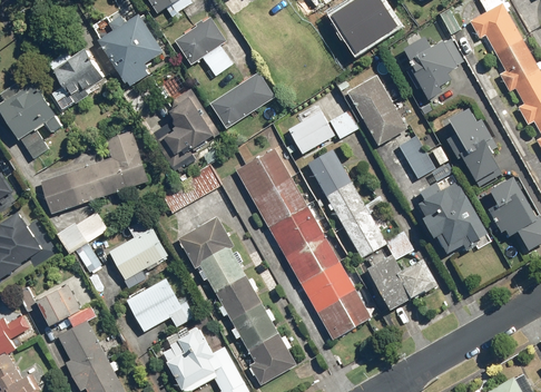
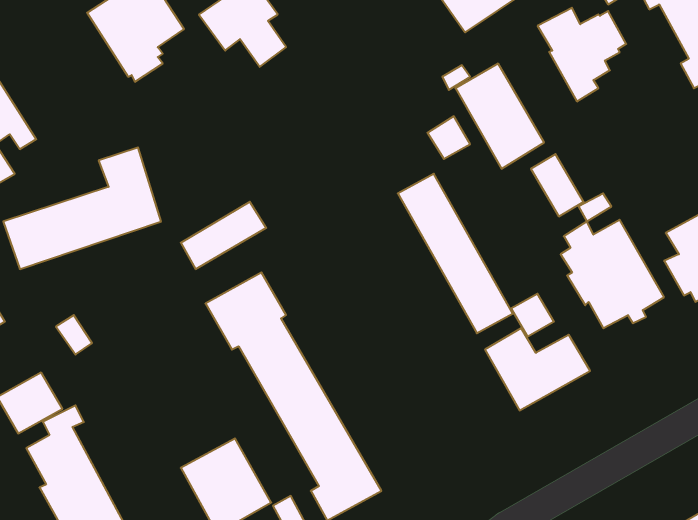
building: [49,48,105,104] -> none
building: [210,72,274,128] -> none
building: [150,88,218,170] -> none
building: [287,105,333,154] -> none
building: [446,108,501,185] -> none
building: [235,148,370,340] -> none
building: [57,212,107,254] -> none
building: [108,227,168,280] -> none
building: [126,278,194,332] -> none

